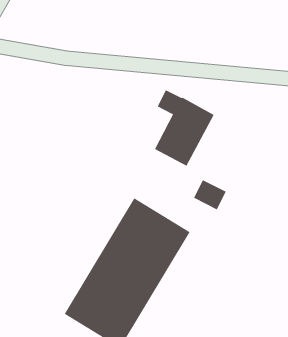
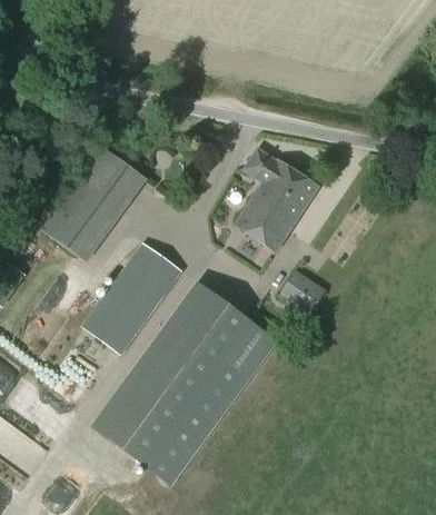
building: none -> [42,147,141,257]
building: none -> [83,244,182,354]

